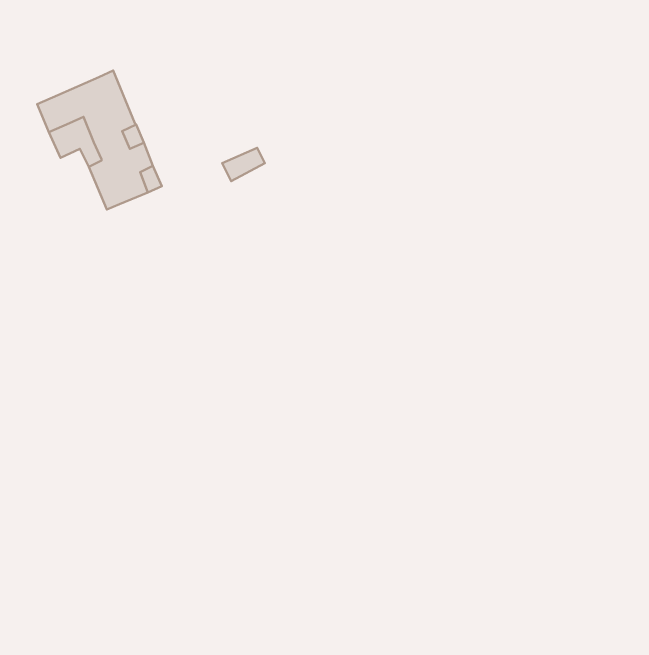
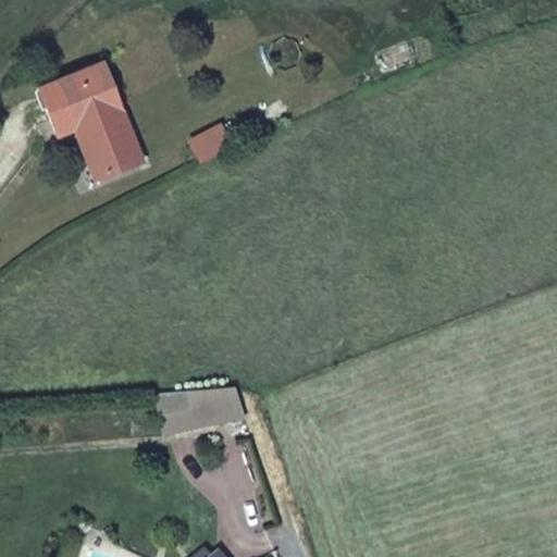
building: none -> [171,387,240,432]

